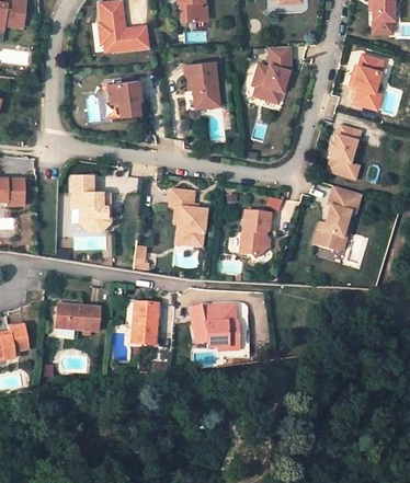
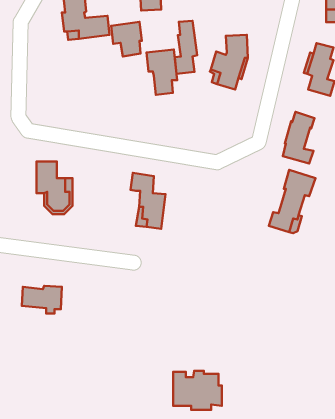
building: none -> [175,21,197,74]
building: [109,80,140,116] -> [111,22,142,57]
building: [240,211,270,260] -> none
building: [133,303,160,346] -> none
building: [190,307,240,347] -> [173,371,222,410]

